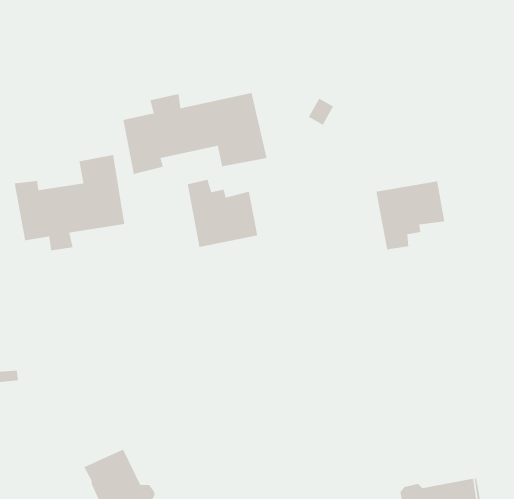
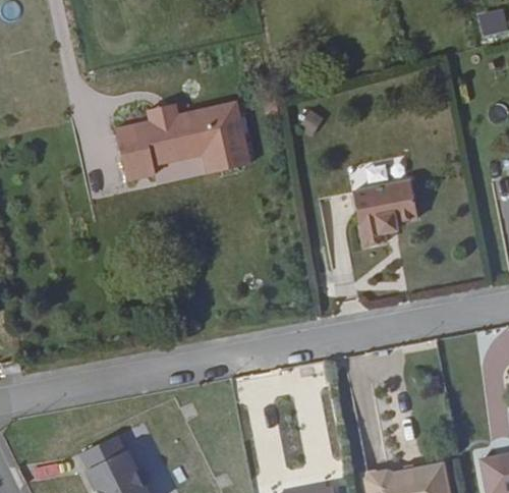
building: [14,154,125,251] -> none
building: [187,179,258,248] -> none

